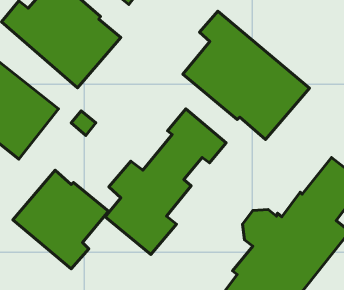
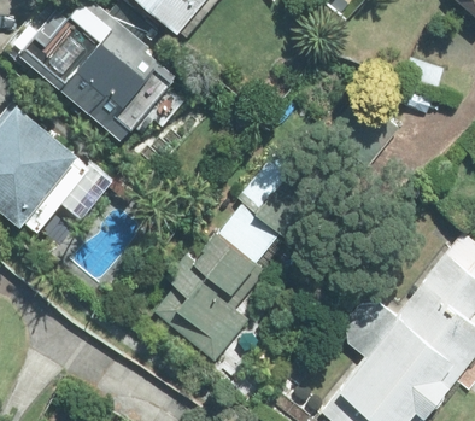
building: [183,11,309,140] -> none
building: [13,170,109,269] -> none

